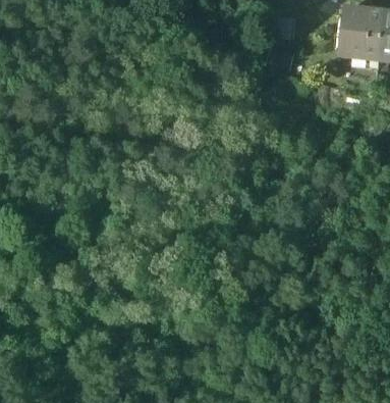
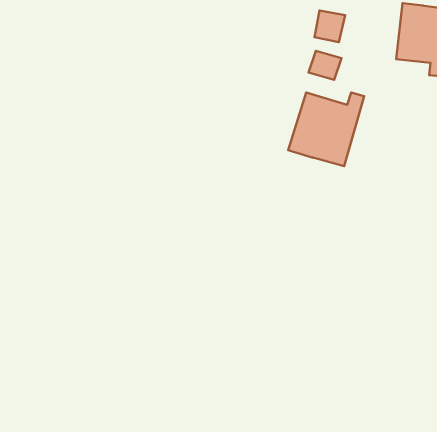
building: none -> [288,92,364,166]

